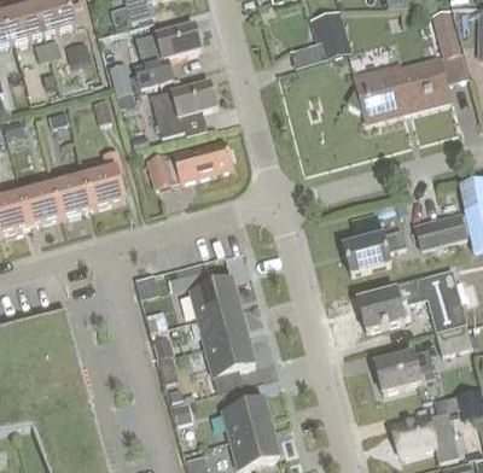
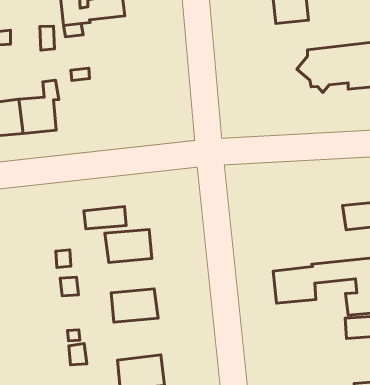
building: [150,81,215,136] -> none
building: [147,140,232,188] -> none
building: [342,215,405,274] -> none
building: [197,308,245,348] -> none
building: [374,350,431,392] -> none

